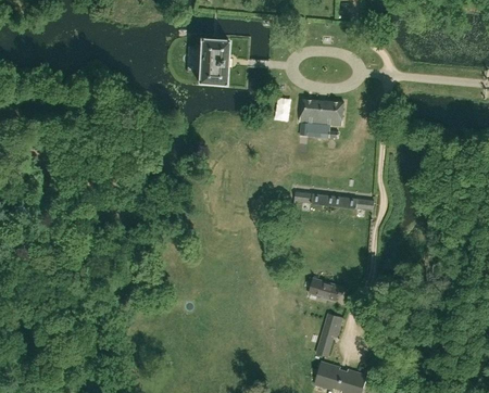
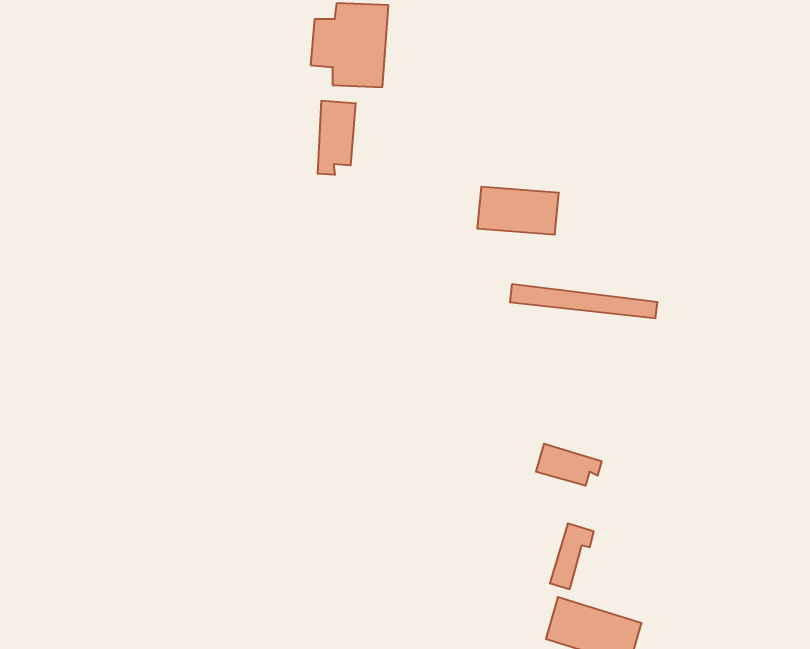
building: none -> [318,101,355,175]
building: [301,99,346,125] -> [477,187,559,235]

